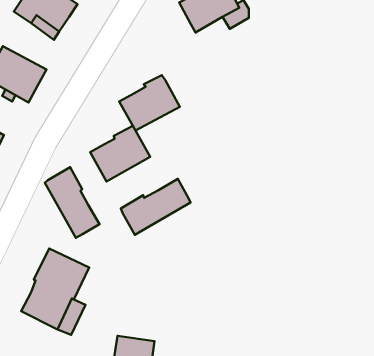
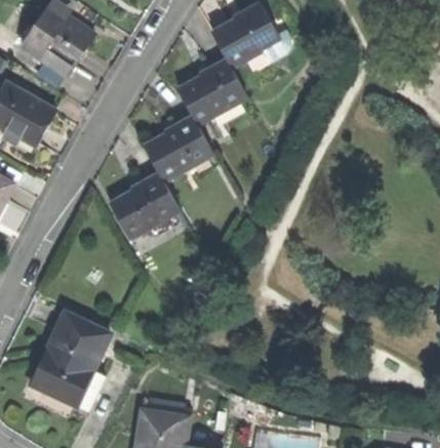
building: none -> [176,58,244,122]
building: [45,167,99,238] -> none
building: [121,179,191,235] -> none

